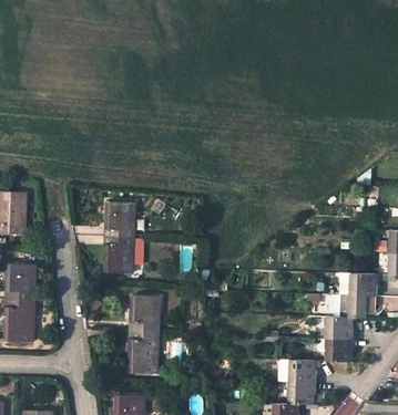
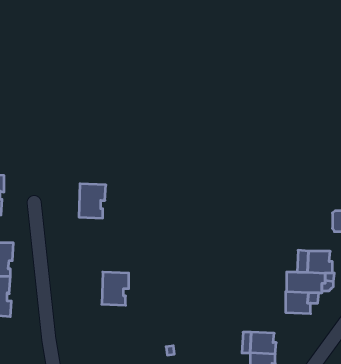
building: [105,237,133,274] -> none
building: [130,330,157,374] -> none
building: [326,339,354,362] -> none

